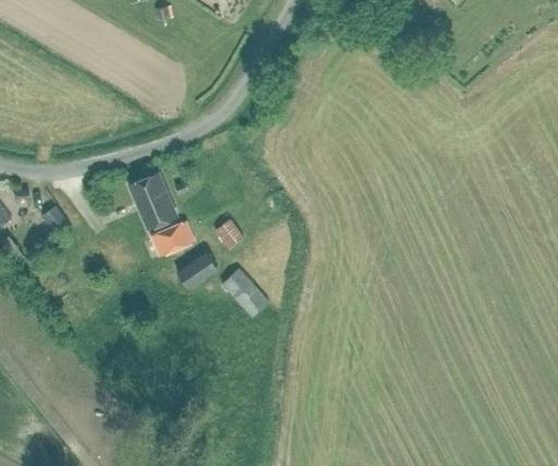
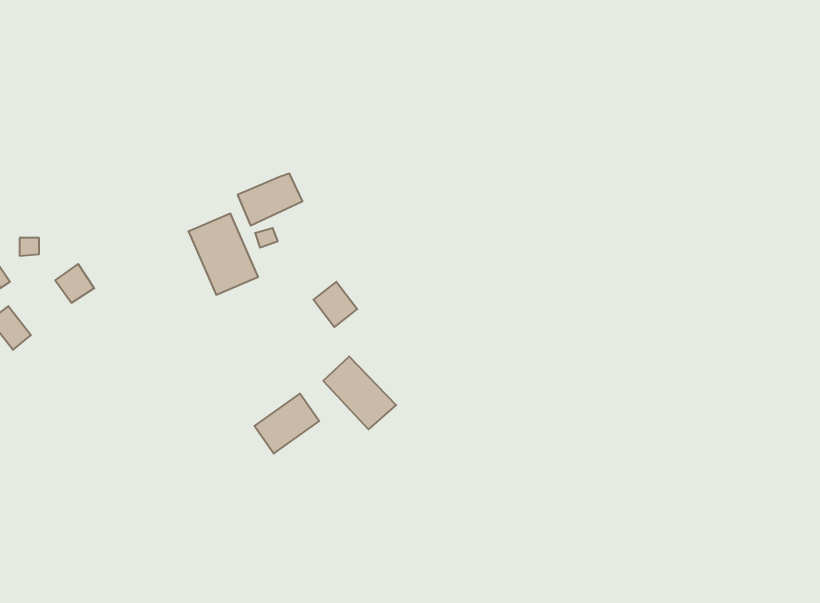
building: [151,222,195,257] -> [238,174,303,226]
building: [174,252,218,292] -> [254,394,319,454]

